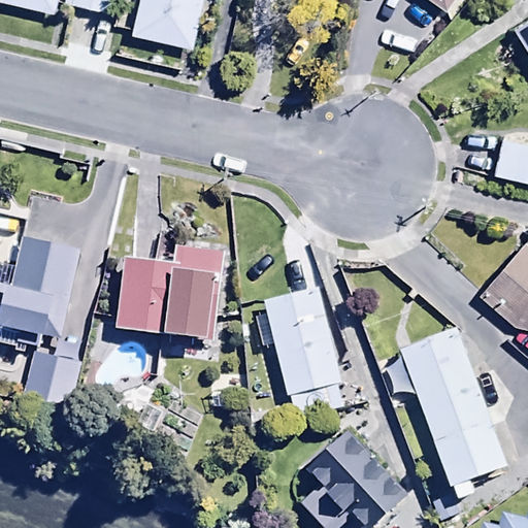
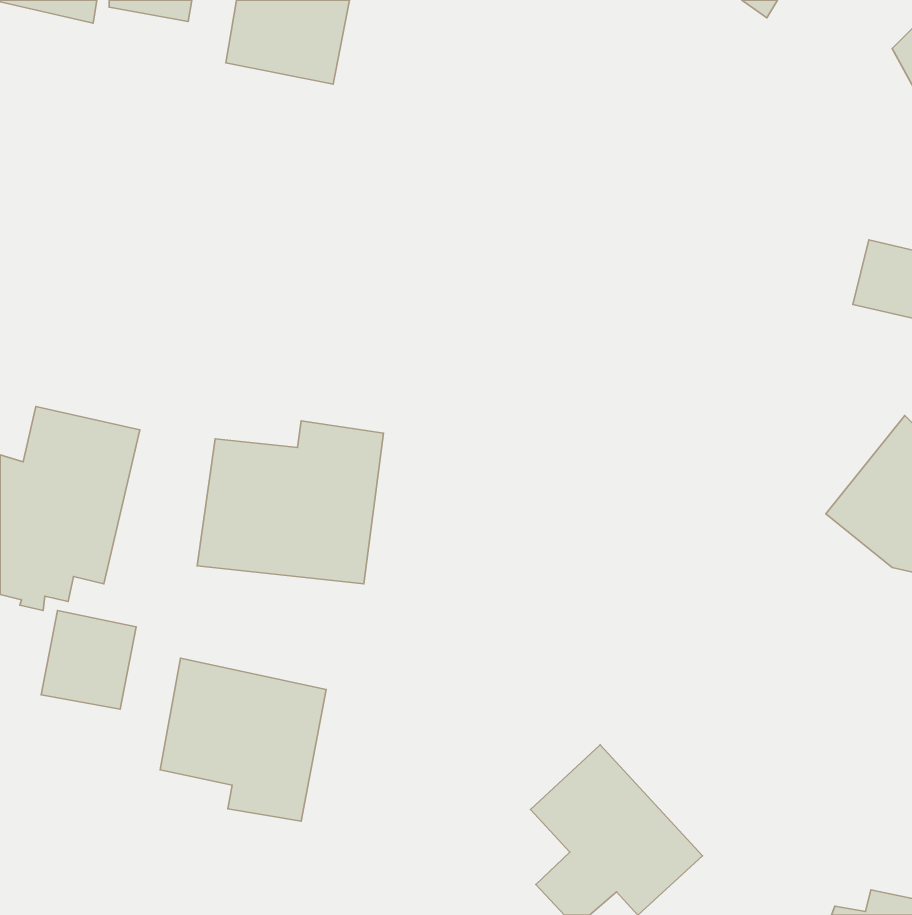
building: [256,286,343,419] -> none
building: [387,327,506,500] -> none
building: none -> [160,658,326,821]

